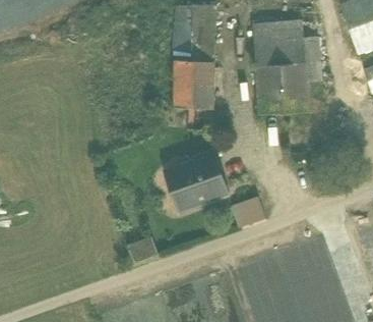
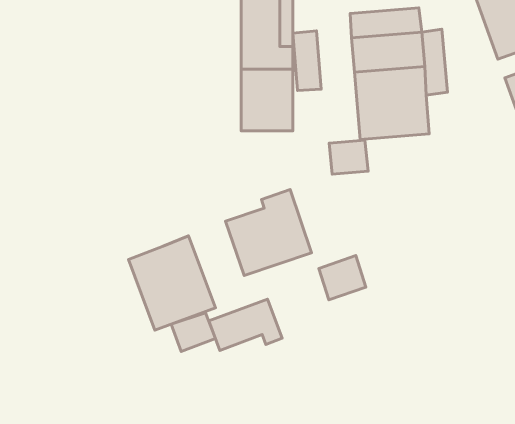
building: none -> [293,31,321,90]
building: none -> [329,140,368,174]
building: none -> [128,236,215,330]
building: none -> [209,299,282,350]

